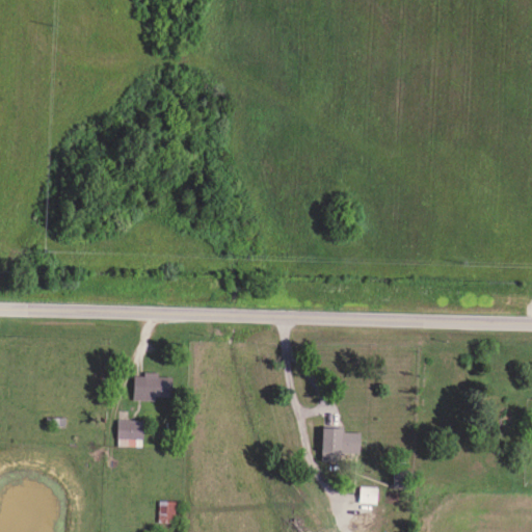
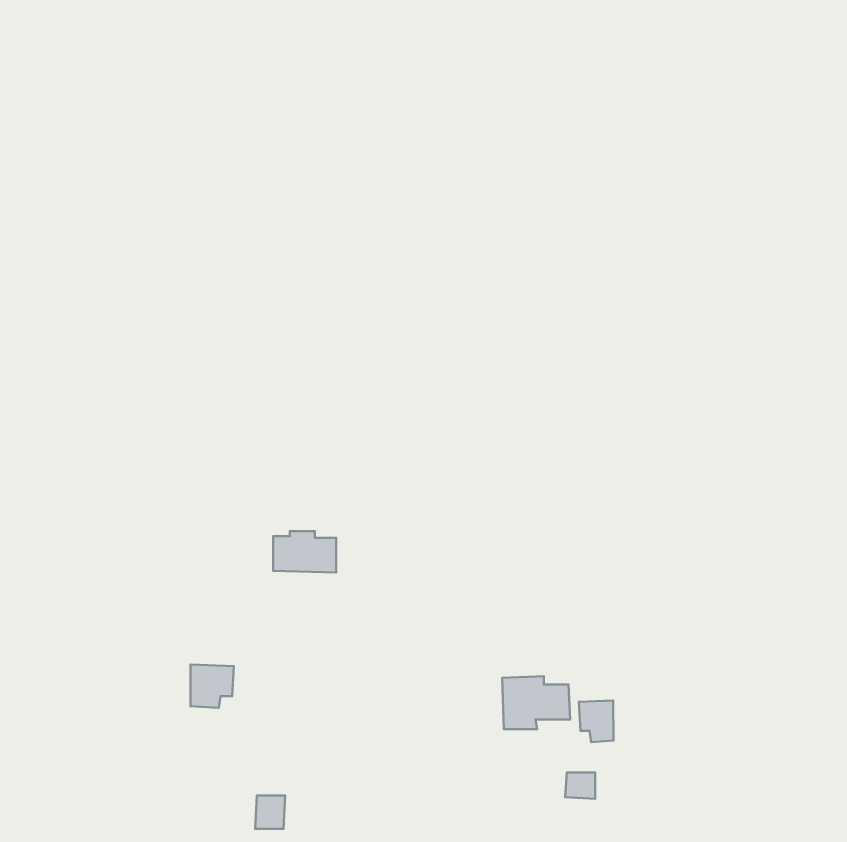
building: [135,373,175,399] -> [273,531,336,573]
building: none -> [579,701,614,742]

